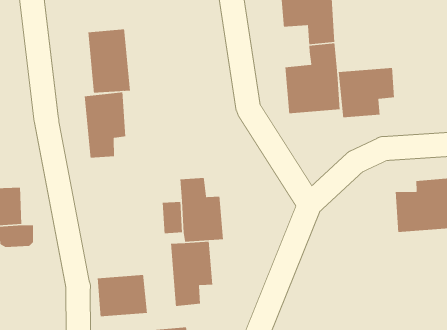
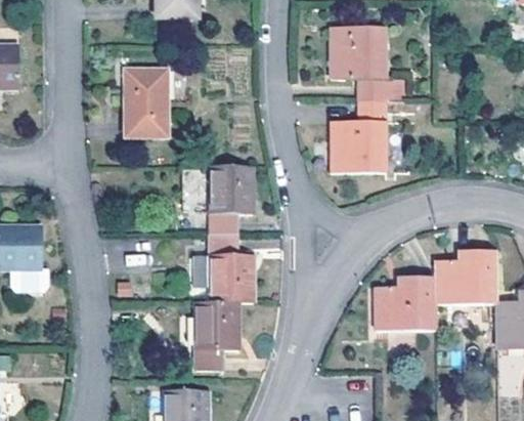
building: [338,67,395,118] -> none
building: [84,92,126,158] -> [209,164,251,233]
building: none -> [378,277,438,331]
building: [97,274,148,317] -> none

